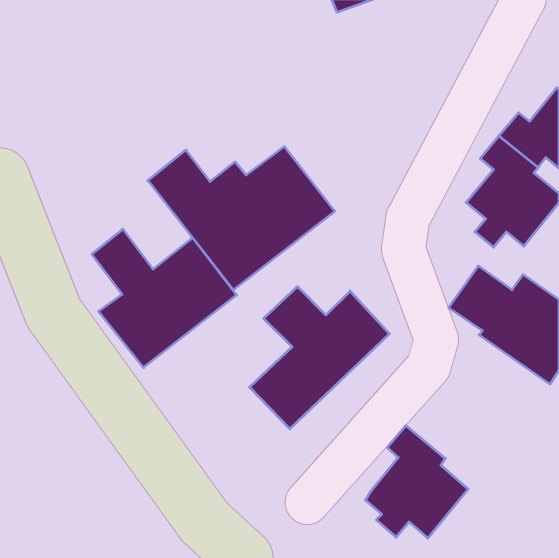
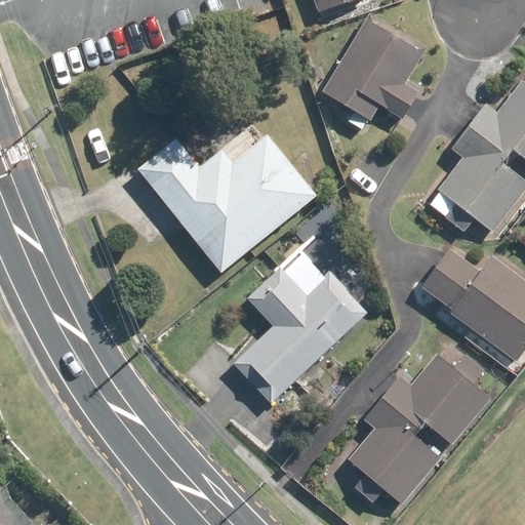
building: none -> [320,13,426,128]
building: [92,229,237,368] -> none
building: none -> [380,355,490,444]

